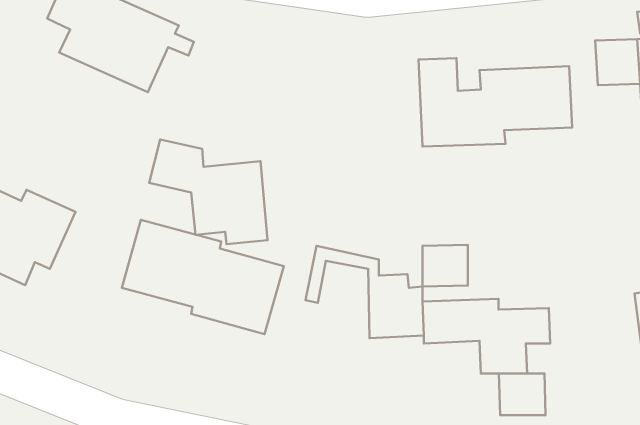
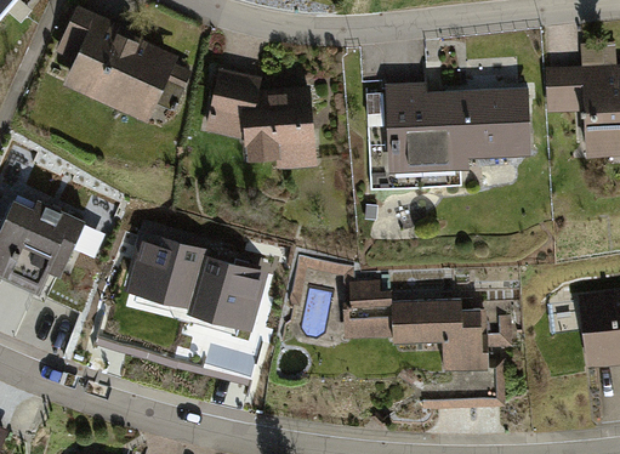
building: [149,139,267,244] -> [209,73,314,166]
building: [422,245,468,287] -> none
building: [499,374,546,415] -> none

